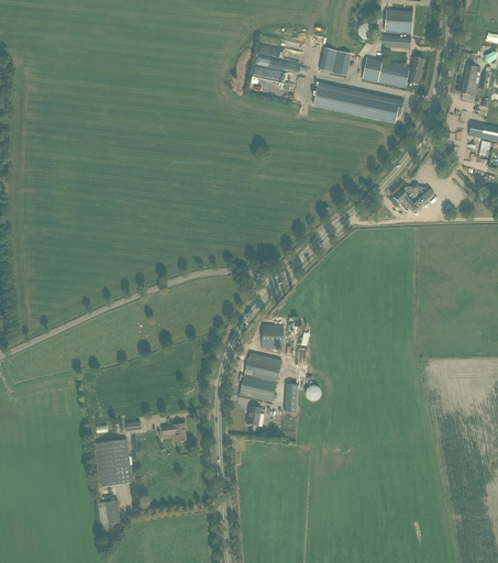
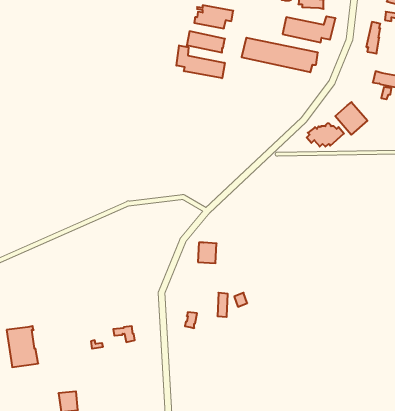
building: [318,46,350,74] -> none
building: none -> [176,45,225,78]
building: none -> [335,102,367,135]
building: [240,352,280,401] -> none
building: [96,438,133,486] -> [7,326,38,367]

